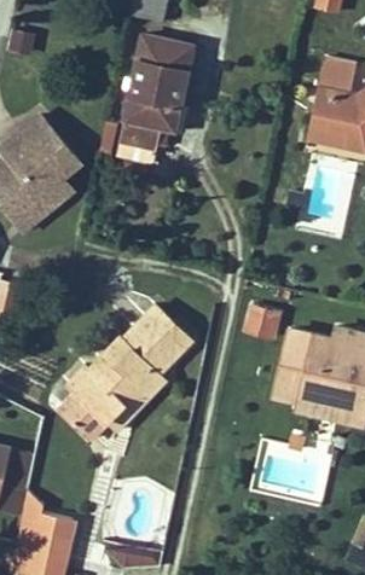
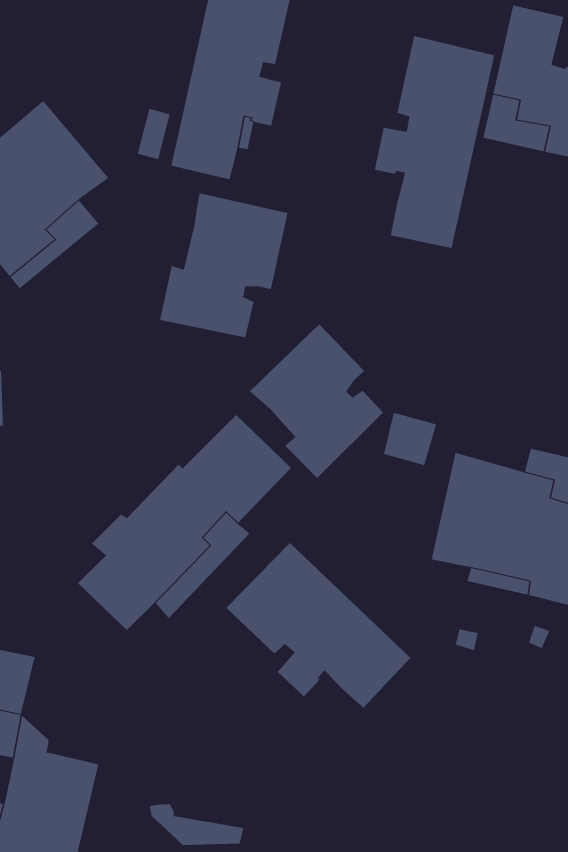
building: none -> [374,35,495,249]
building: none -> [160,192,288,338]
building: none -> [249,324,384,479]
building: none -> [225,542,411,709]

